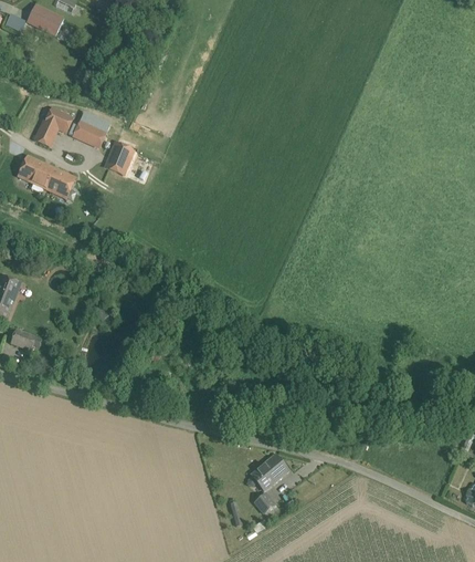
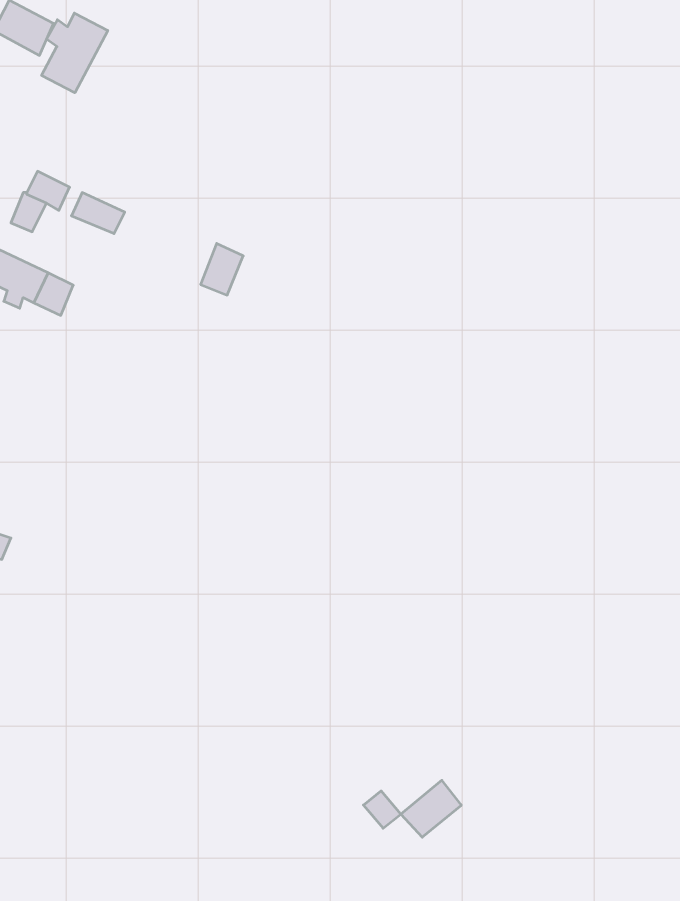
building: none -> [42,13,108,93]
building: [107,142,134,174] -> [201,243,243,295]
building: [252,454,289,489] -> [401,780,461,837]

